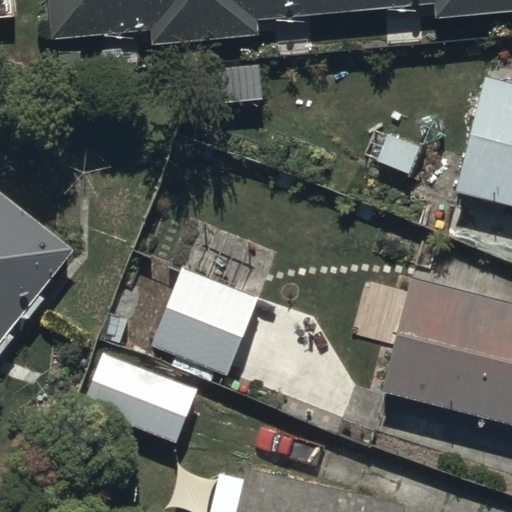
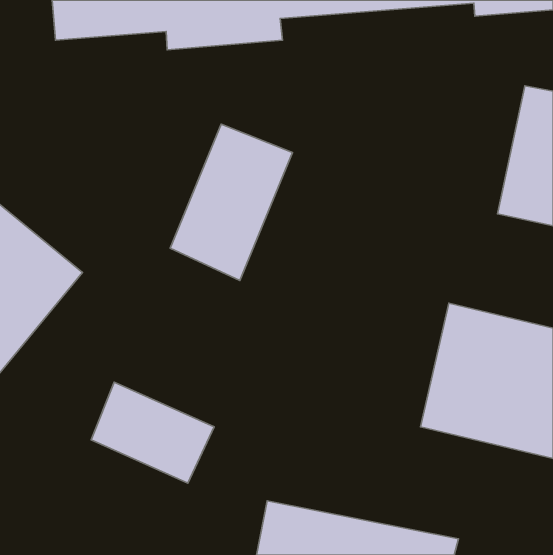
building: none -> [170,124,293,280]
building: [151,269,261,375] -> none

